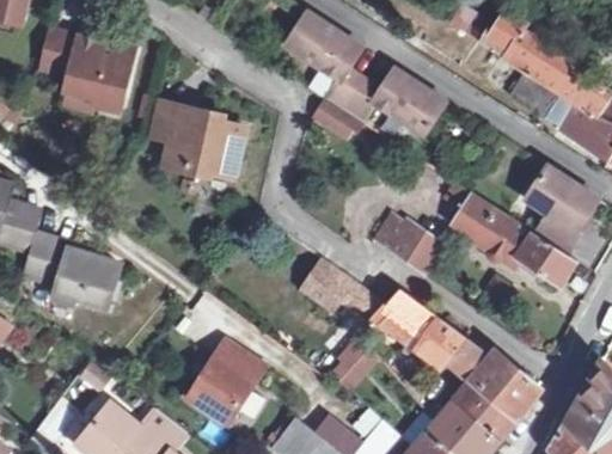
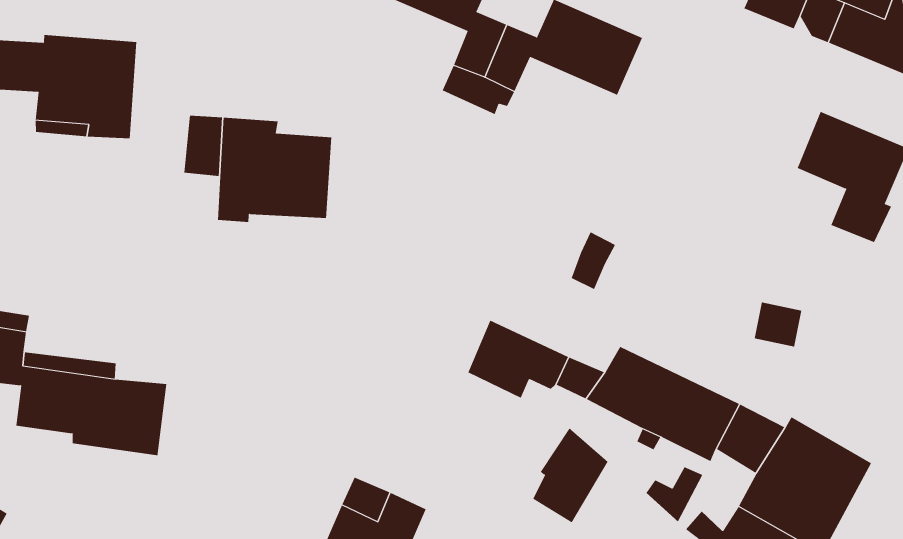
building: [448,185,575,286] -> none
building: [388,225,439,274] -> none

